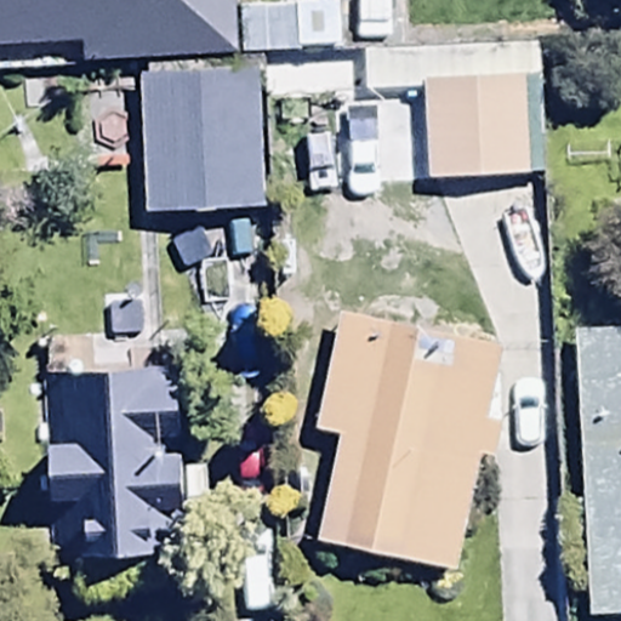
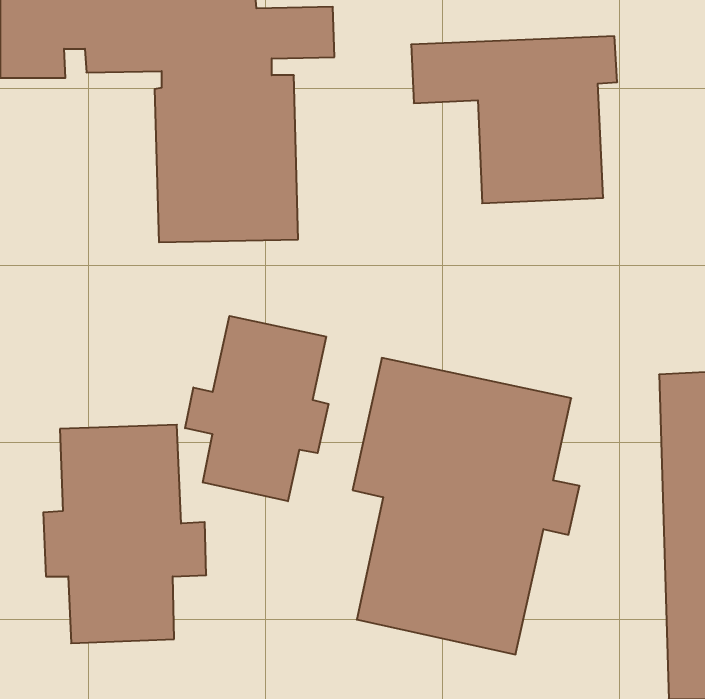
building: none -> [185,316,329,501]

